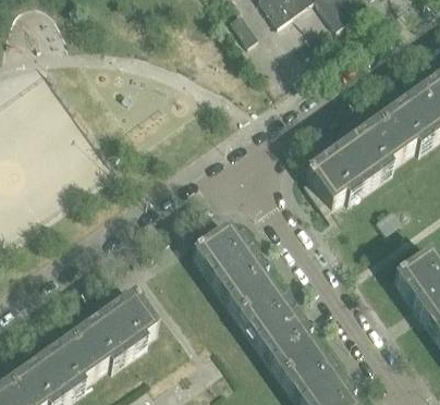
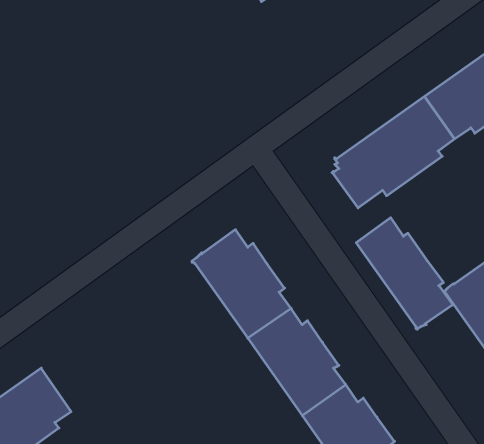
building: none -> [356,218,453,329]
building: [69,287,156,368] -> none

